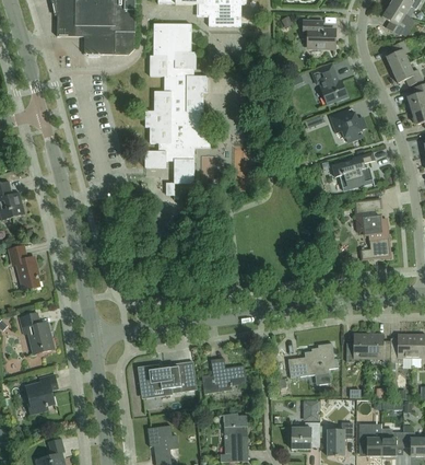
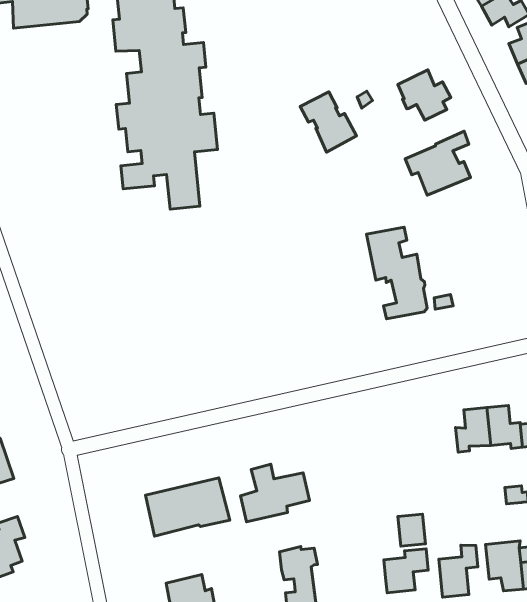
building: [311,65,346,104] -> [300,92,357,152]
building: [354,199,389,258] -> [366,227,427,319]
building: [287,342,338,377] -> none

